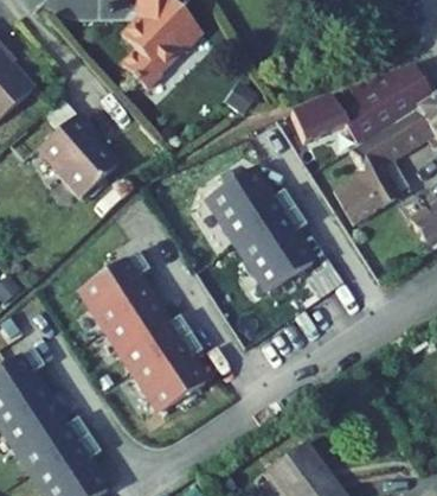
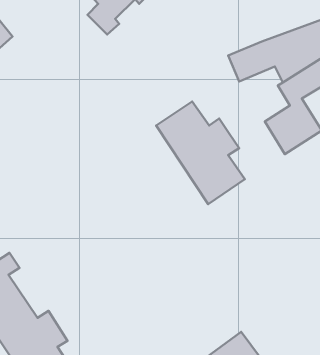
building: [38,115,118,199] -> none
building: [78,250,204,409] -> none

